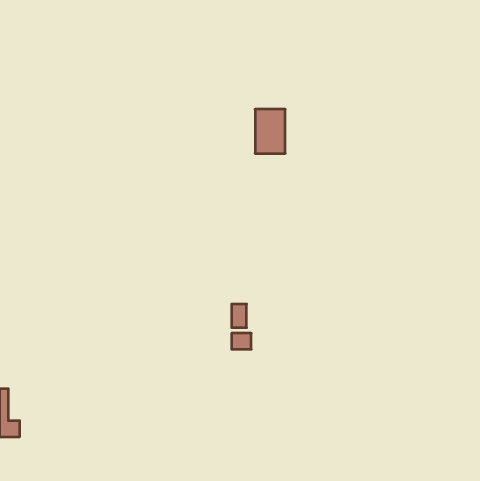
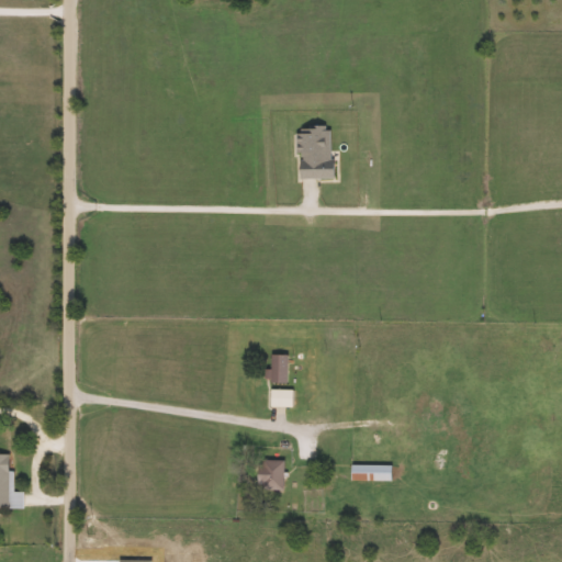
building: none -> [258,459,284,490]
building: none -> [350,464,392,480]

